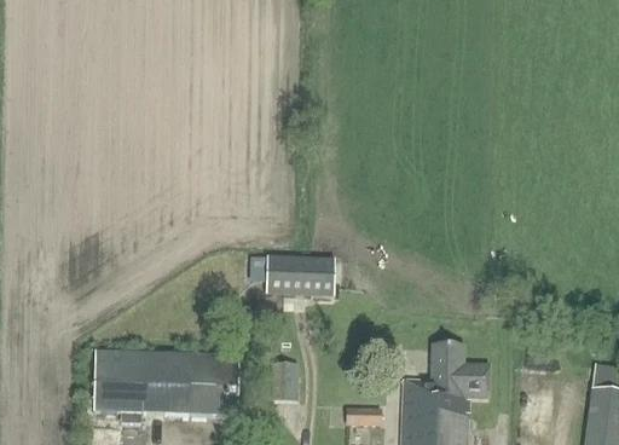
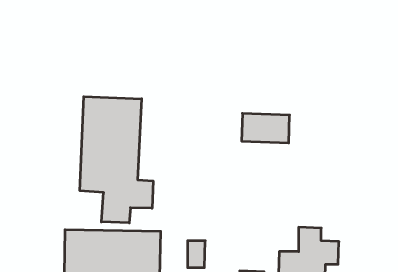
building: none -> [80,97,153,223]
building: [265,255,334,297] -> [242,113,290,143]

